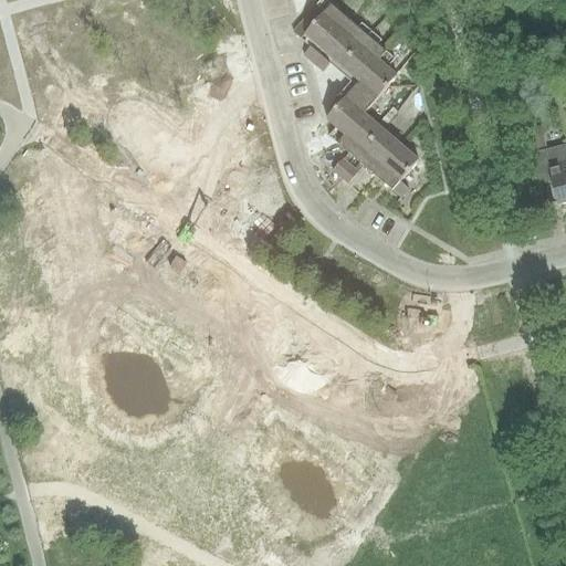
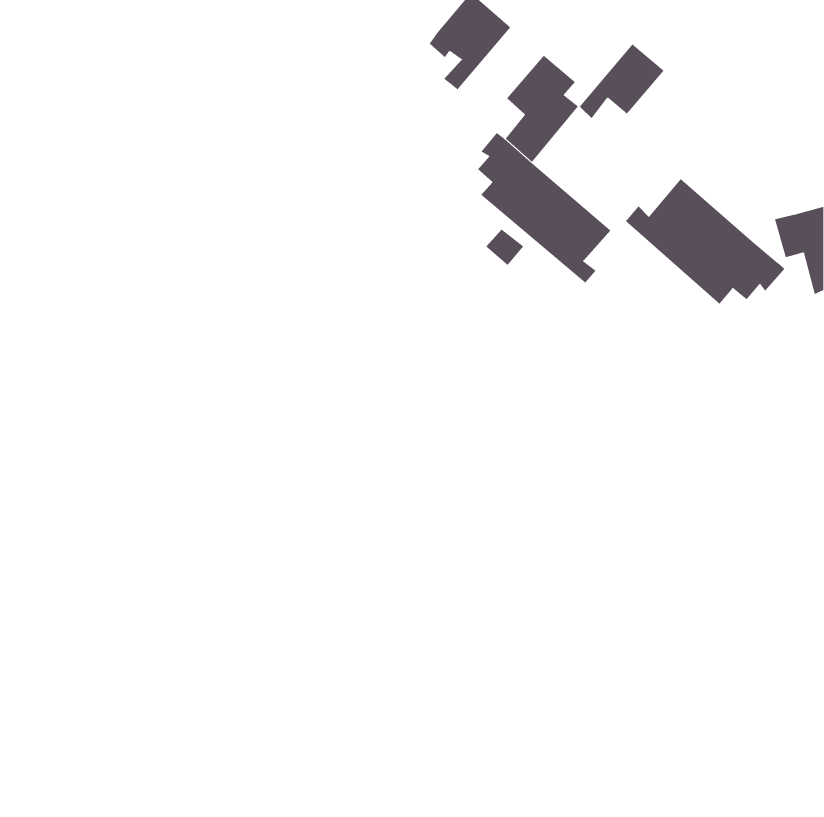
building: [314,19,373,71] -> [579,44,664,119]
building: none -> [625,178,785,304]

